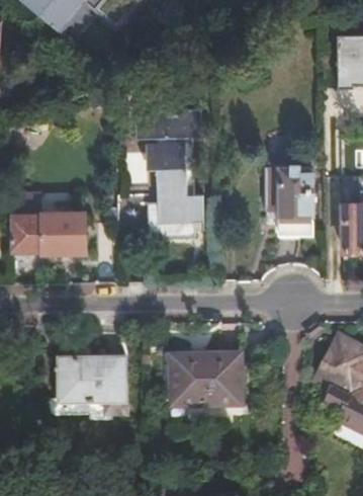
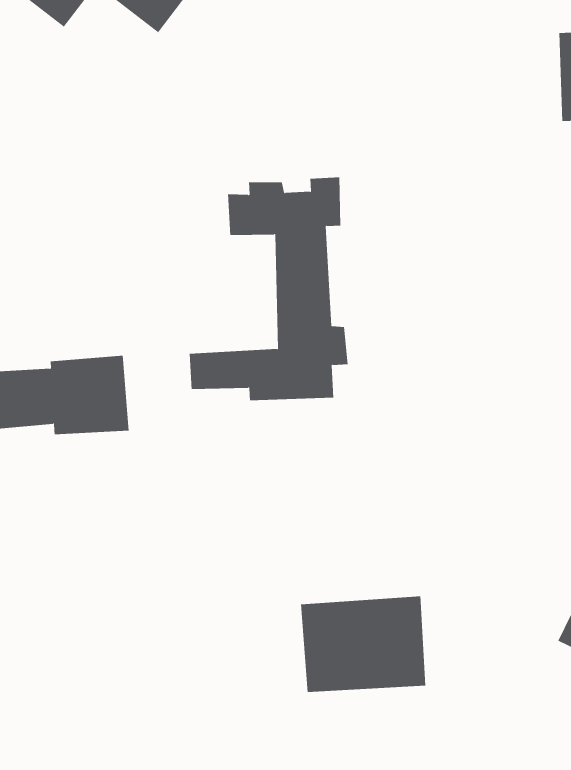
building: [266,165,311,239] -> none
building: [60,354,126,404] -> none

